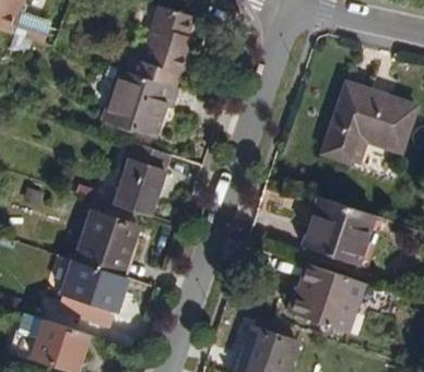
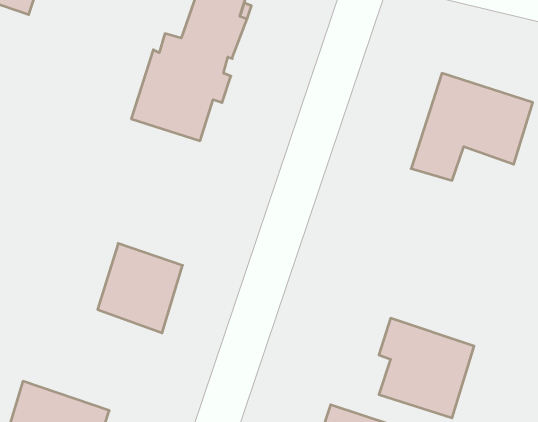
building: [93,141,172,216] -> none
building: [296,203,376,273] -> none
building: [62,257,133,326] -> none

